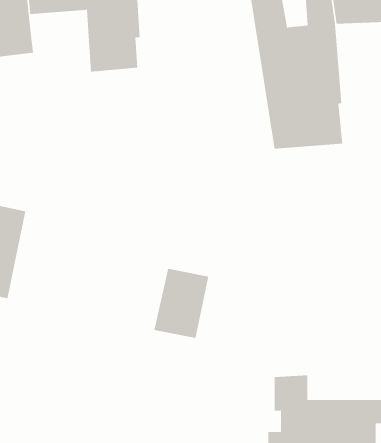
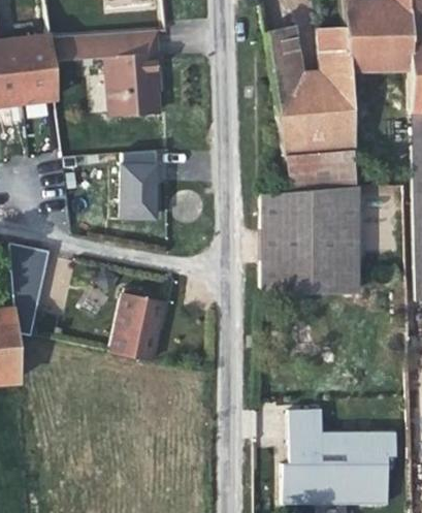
building: none -> [123,151,158,218]
building: none -> [263,186,358,292]
building: [154,268,209,339] -> [113,293,167,361]

